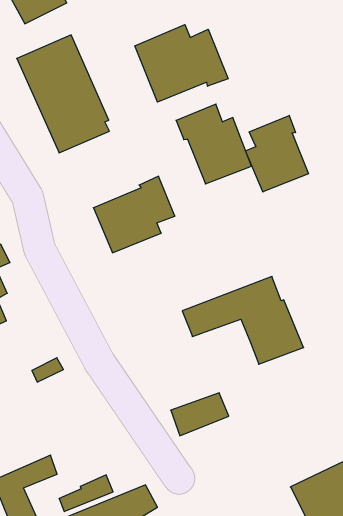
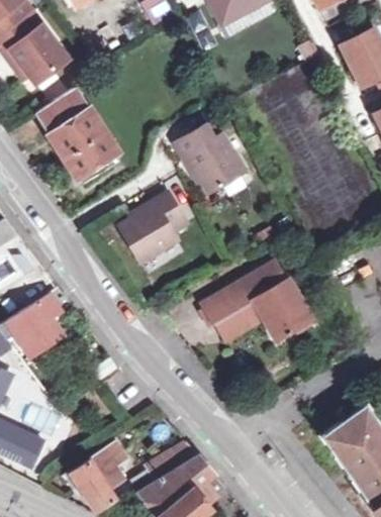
building: [135,25,228,102] -> none
building: [246,115,309,192] -> none
building: [171,393,229,436] -> [219,302,269,343]

